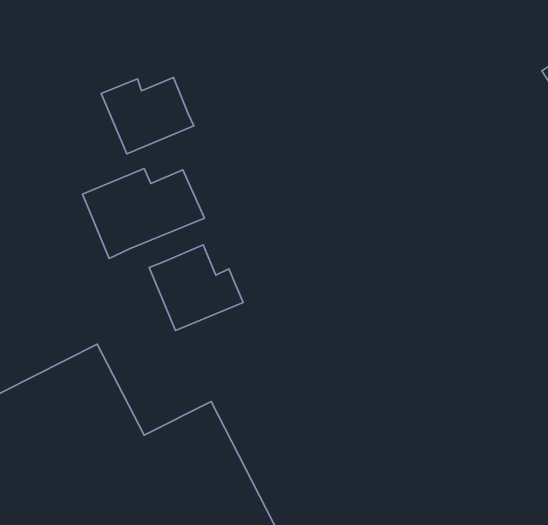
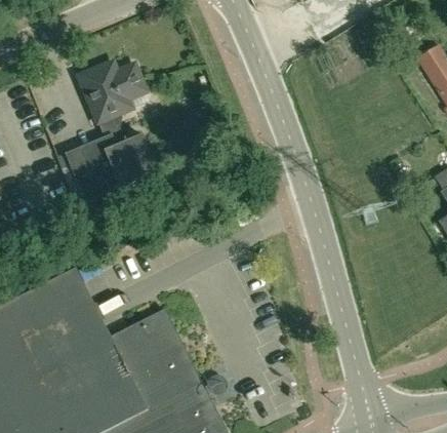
building: [149,245,243,331] -> none

